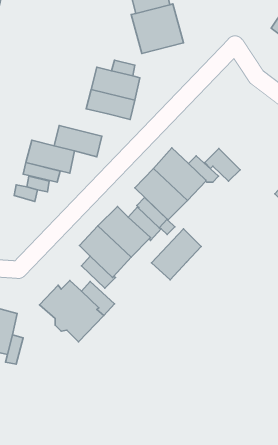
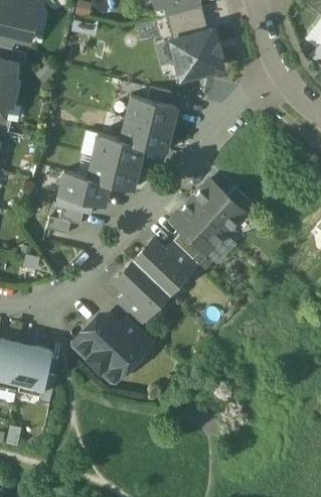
building: none -> [94,133,144,167]
building: [205,149,240,181] -> none
building: [152,229,201,280] -> none

